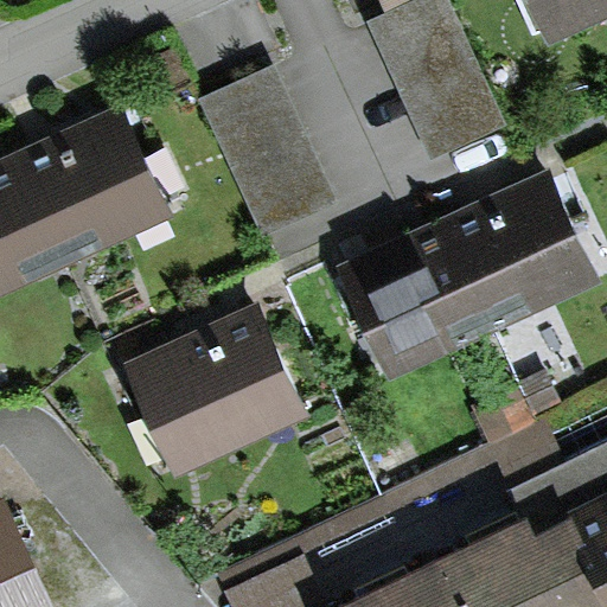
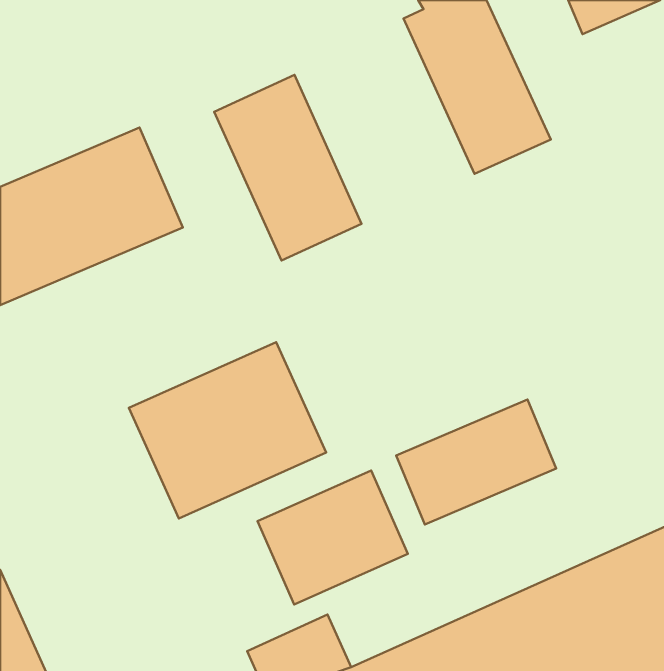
building: [337,174,598,376] -> none
building: none -> [396,399,556,524]
building: none -> [258,470,408,604]

